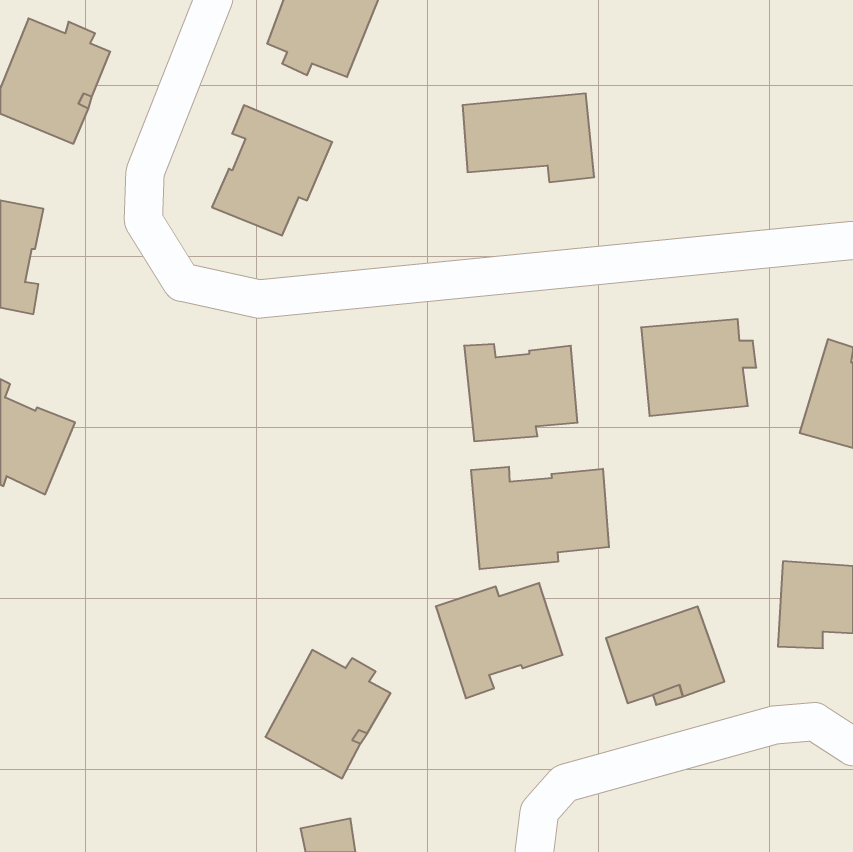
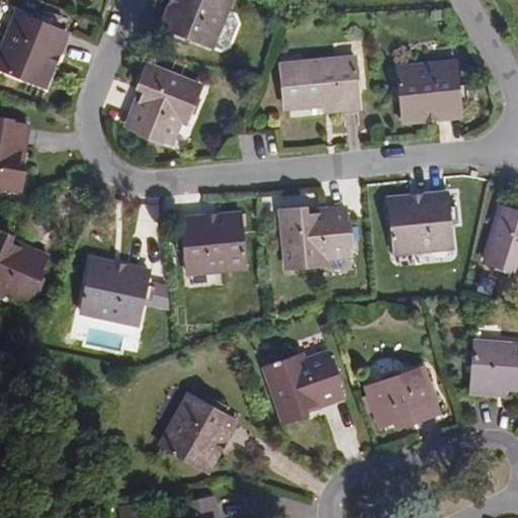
building: none -> [397,62,467,121]
building: none -> [175,213,246,272]
building: none -> [81,258,154,323]
building: [471,467,609,569] -> none

